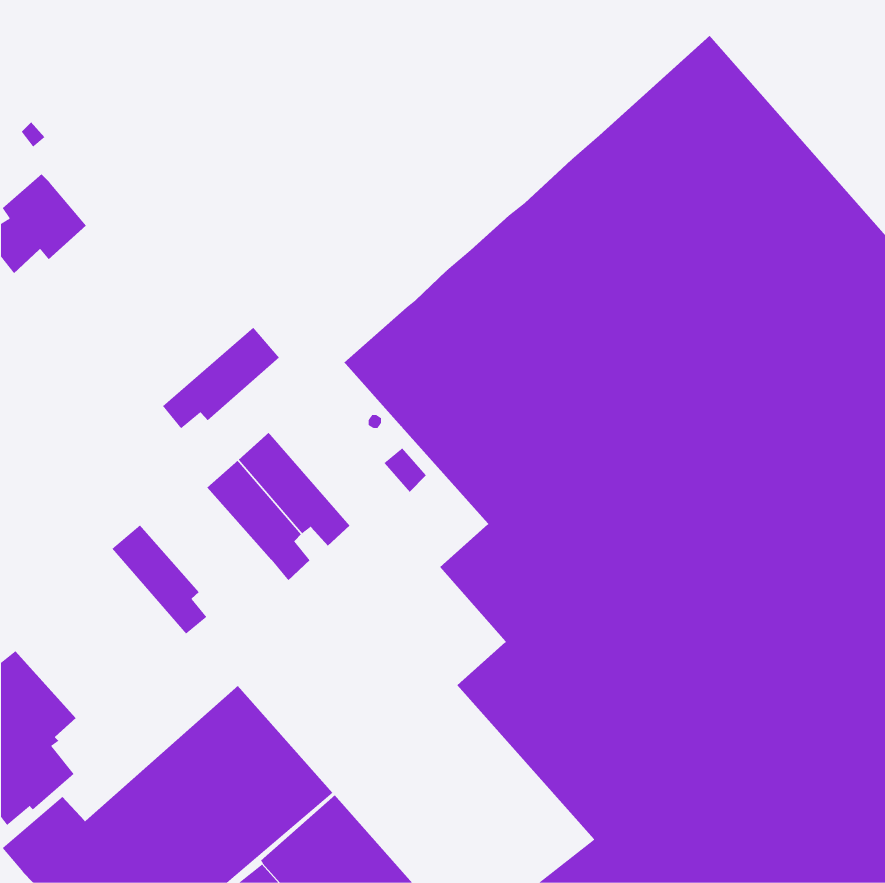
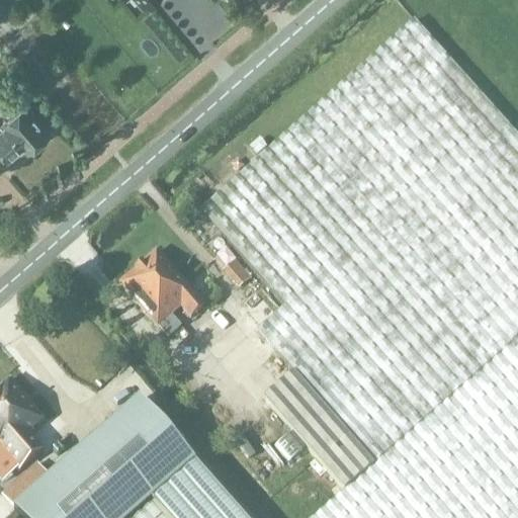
building: [162,327,280,429] -> none
building: [111,524,207,634] -> none

